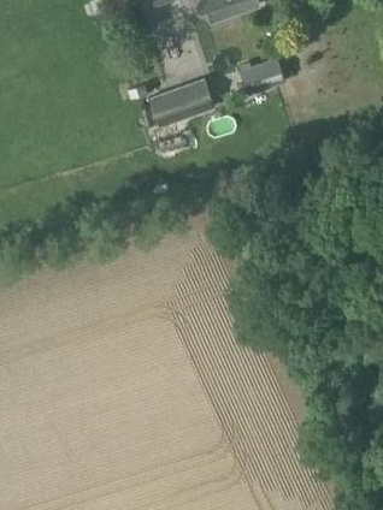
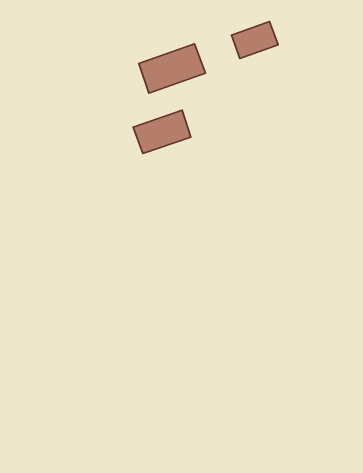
building: none -> [133,110,191,154]

